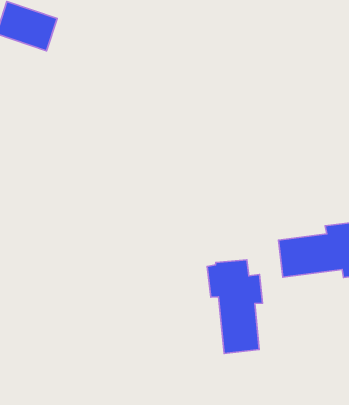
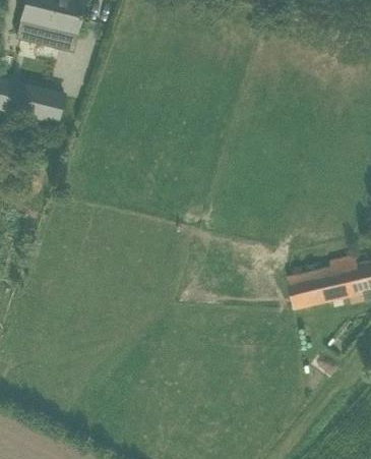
building: [207,260,262,354] -> none

